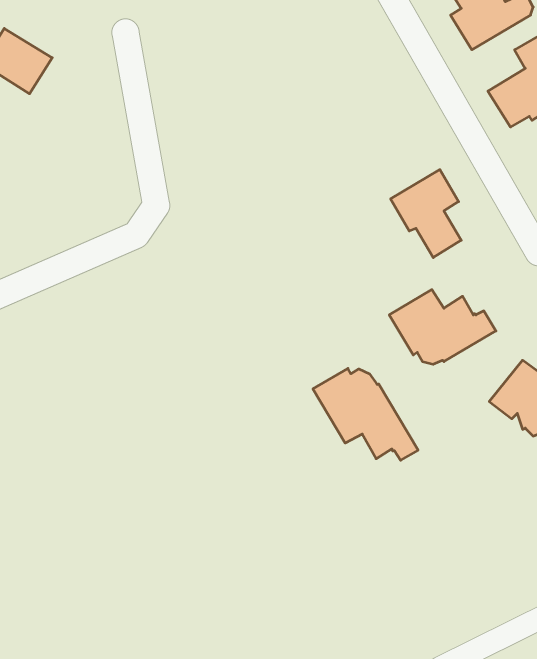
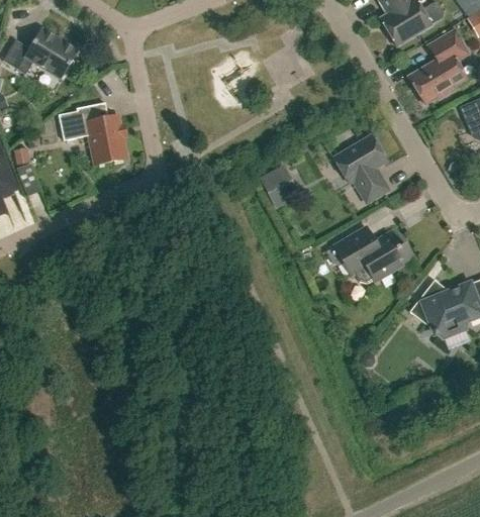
building: none -> [59,102,126,164]
building: none -> [264,166,302,206]
building: [313,368,418,460] -> none

